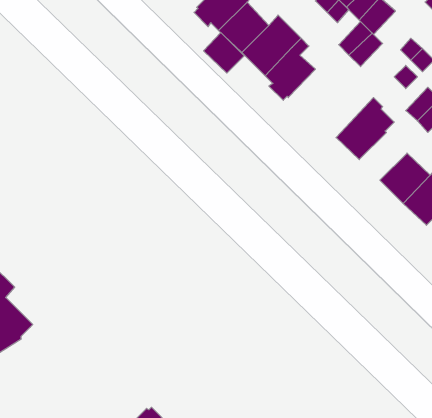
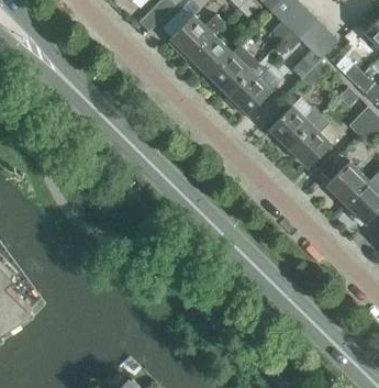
building: [204,33,244,73] -> none
building: none -> [269,97,321,148]

